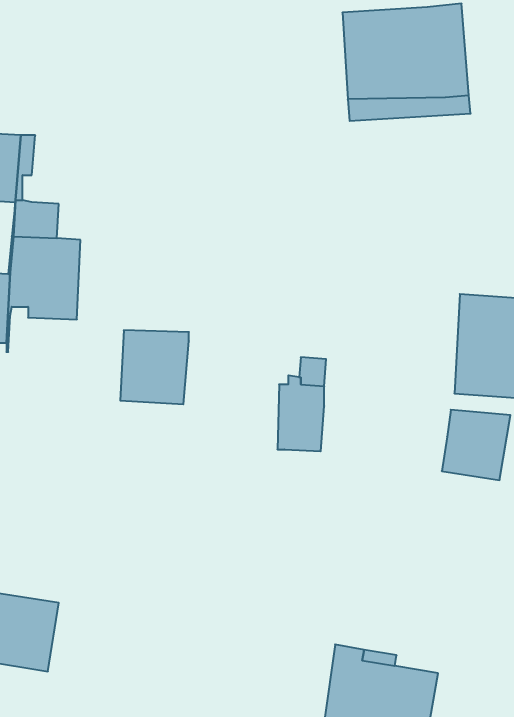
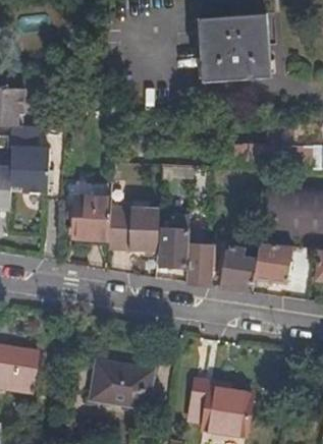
building: none -> [108,204,159,253]
building: none -> [185,240,218,285]
building: none -> [219,245,257,292]
building: none -> [91,360,153,407]

